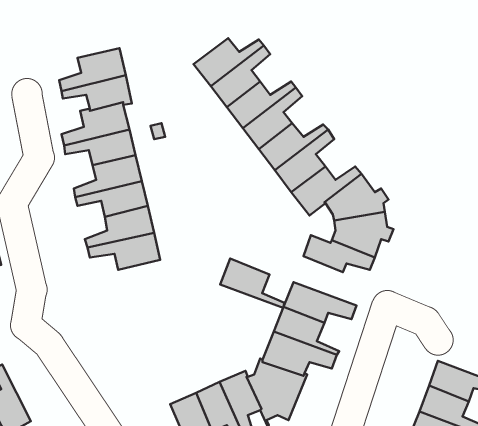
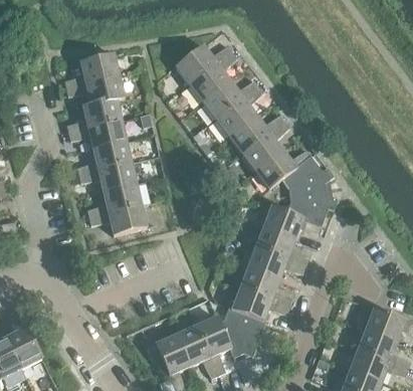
building: [220,259,284,308] -> [255,222,307,262]

